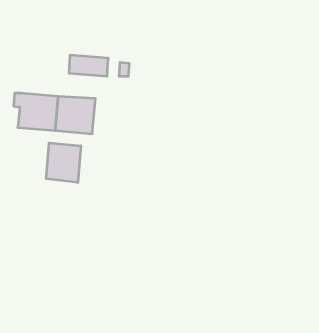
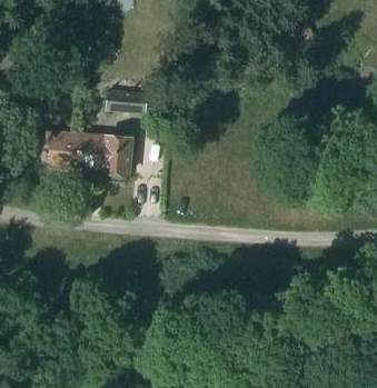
building: [46,143,81,183] -> none

